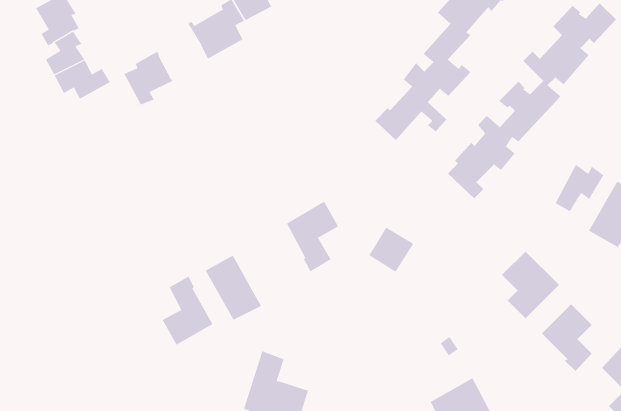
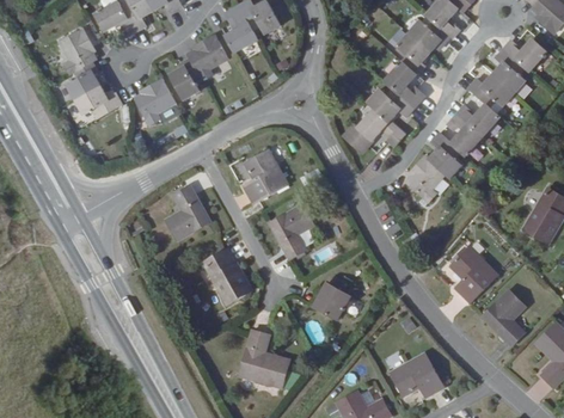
building: none -> [164,55,197,102]
building: none -> [241,149,287,203]
building: [555,164,604,212] -> none
building: [369,227,414,272] -> [314,284,352,322]
building: [162,276,213,346] -> [165,182,208,240]

